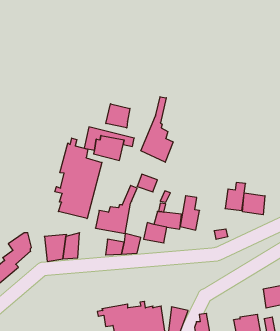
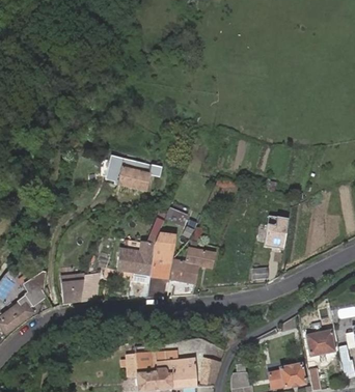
building: [141,97,173,162] -> none
building: [106,104,130,128] -> none
building: [55,138,102,219] -> none
building: [243,193,265,215] -> none
building: [180,196,200,230] -> [153,240,174,278]

